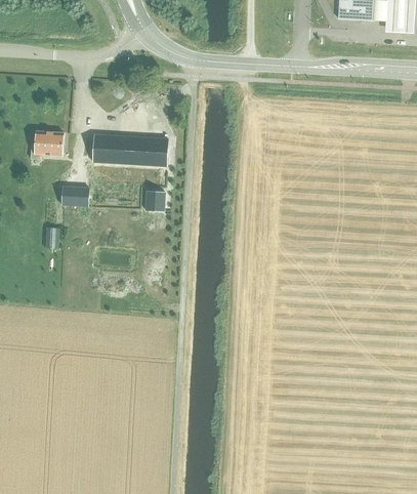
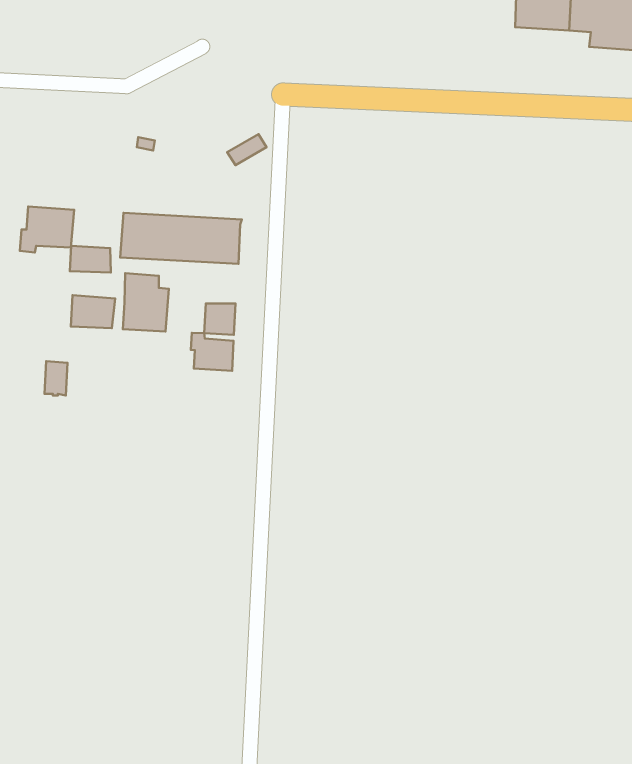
building: none -> [70,246,111,273]
building: none -> [123,273,169,331]
building: none -> [191,333,233,371]

